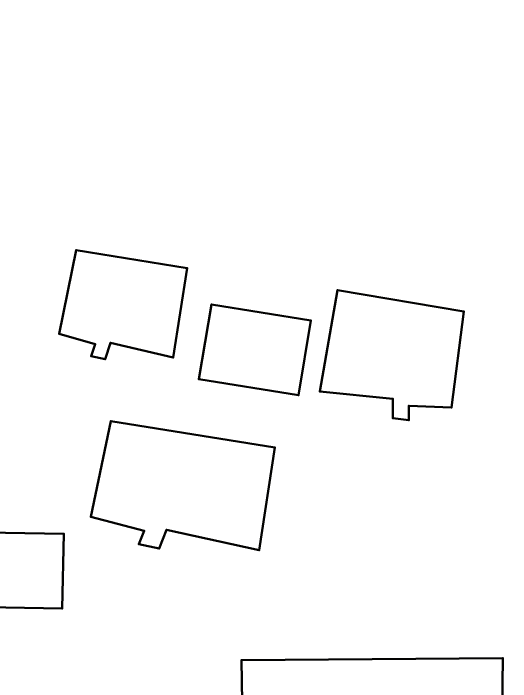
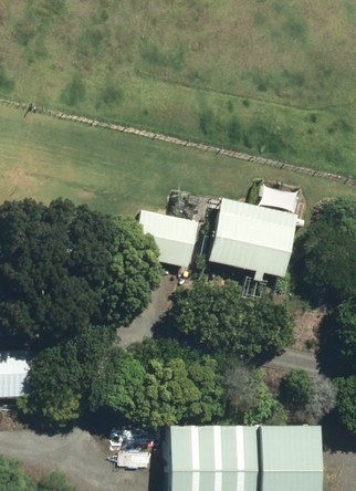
building: [59,250,187,359] -> none
building: [91,421,275,550] -> none

